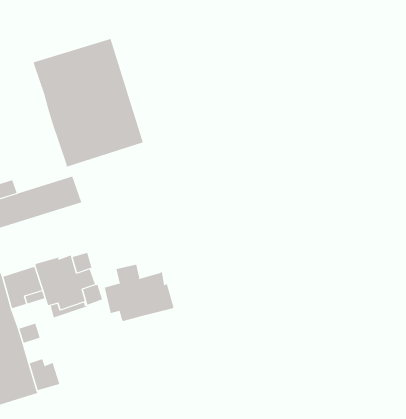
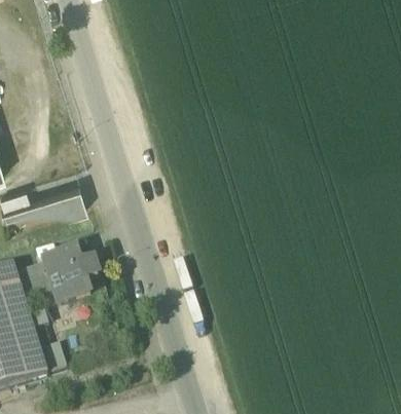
building: [33,38,143,167] -> none
building: [100,264,174,322] -> none

